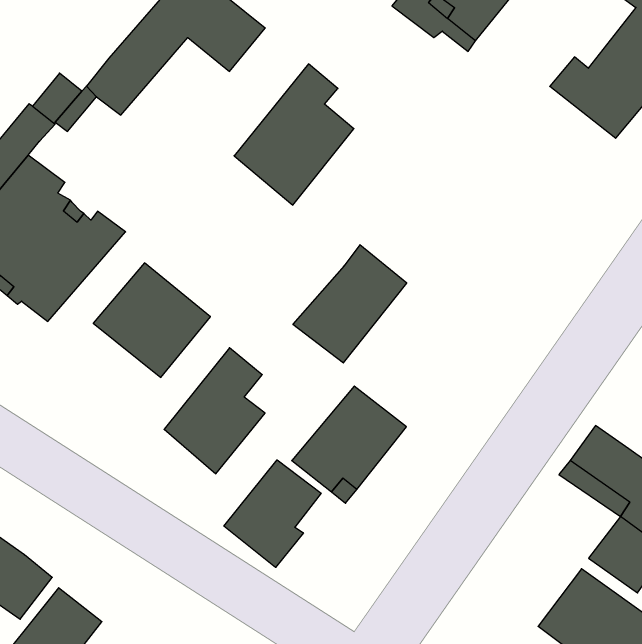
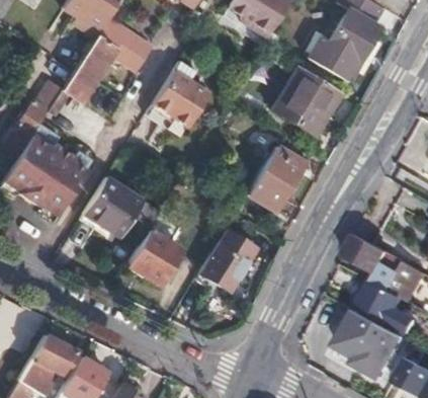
building: none -> [271,66,341,137]
building: [293,245,407,363] -> [247,147,305,211]
building: [224,460,321,567] -> none

